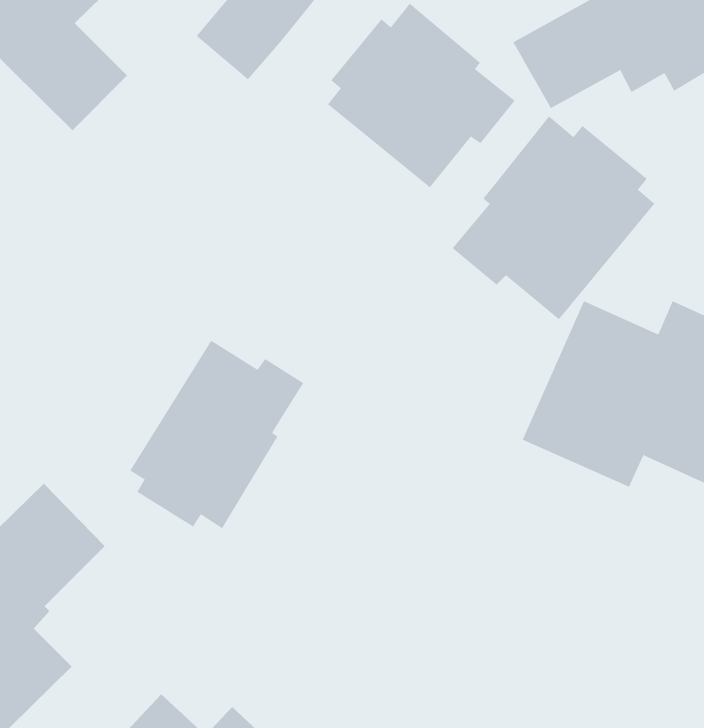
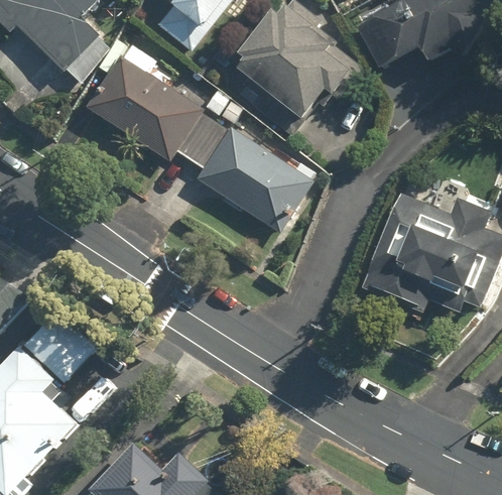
building: none -> [89,58,310,230]
building: [452,115,655,320] -> none
building: [130,340,304,529] -> none

